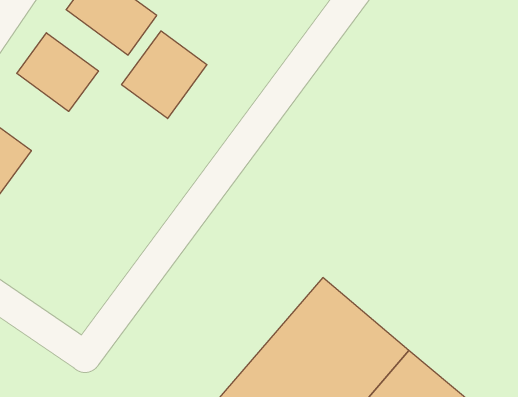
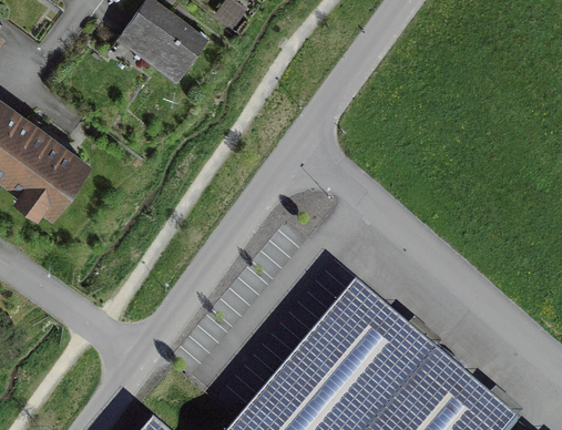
building: [122,31,207,119] -> none
building: [17,33,98,111] -> none

